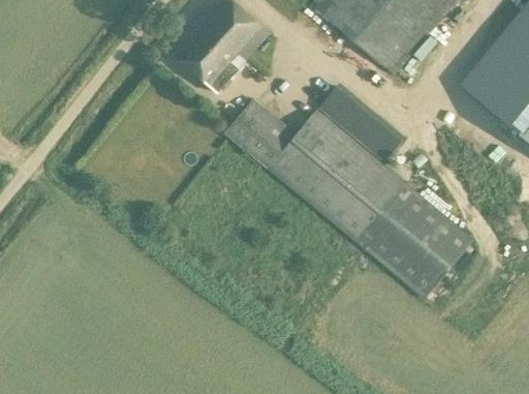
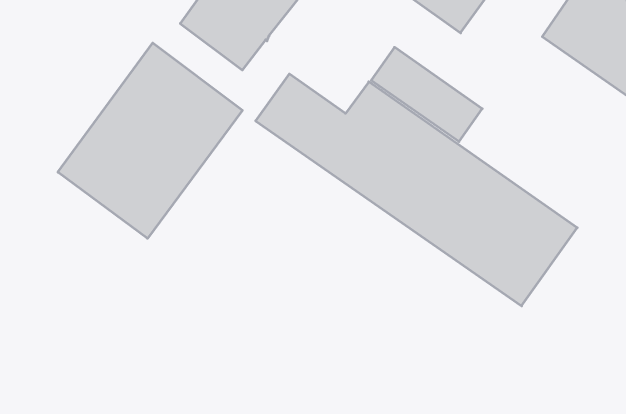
building: none -> [58,43,242,238]

